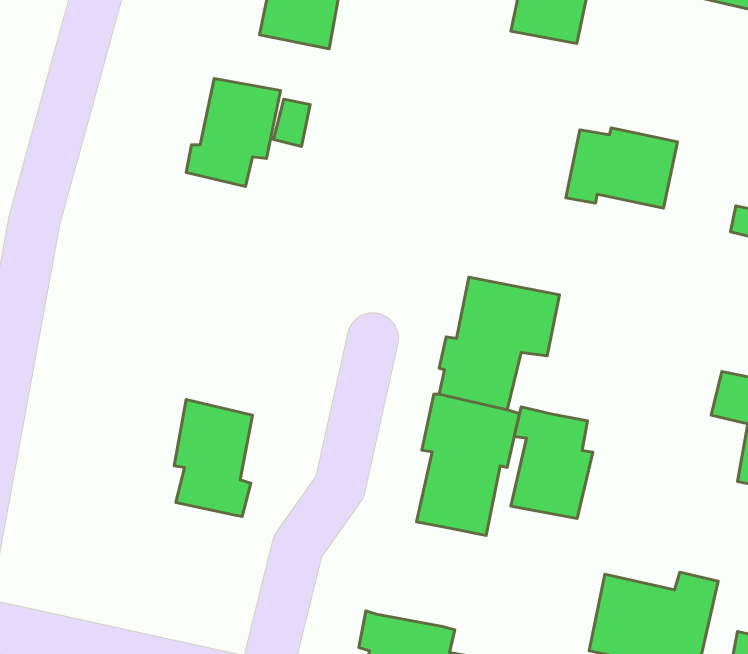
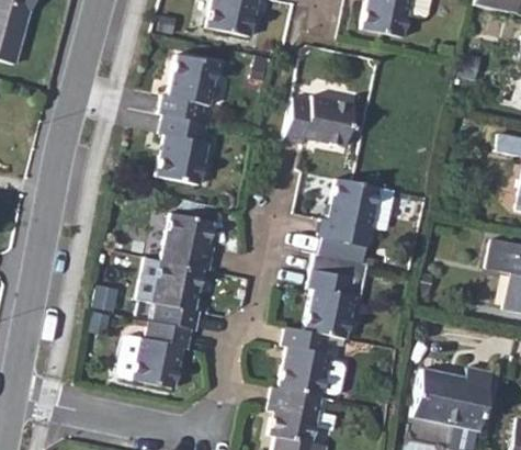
building: [566,128,678,208] -> [285,94,355,145]
building: none -> [160,115,212,184]
building: none -> [160,210,215,268]
building: [511,407,593,518] -> [280,329,331,400]
building: none -> [112,320,190,386]

